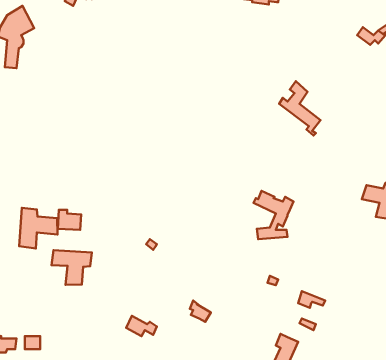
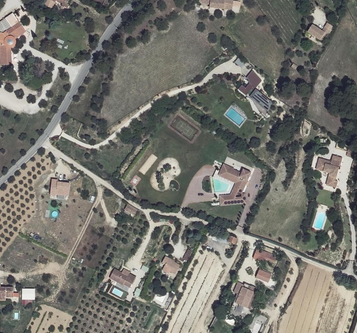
building: [19,208,58,248] -> none
building: [51,250,92,285] -> none

